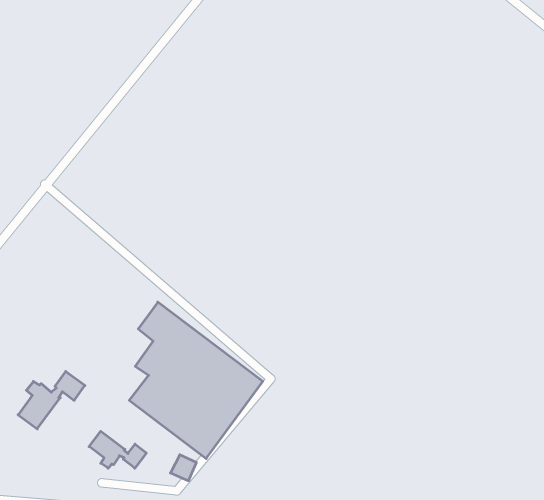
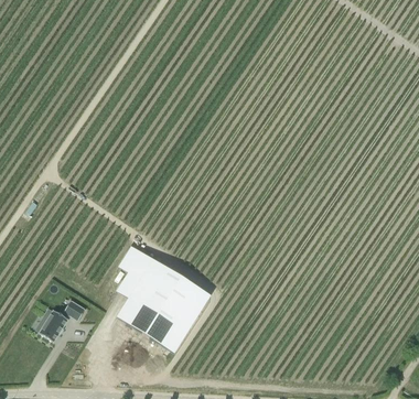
building: [89,431,146,468] -> none

